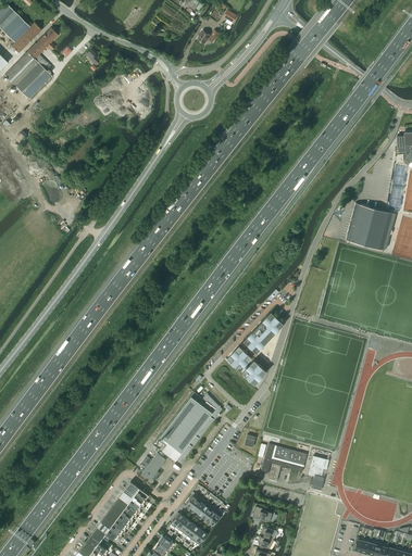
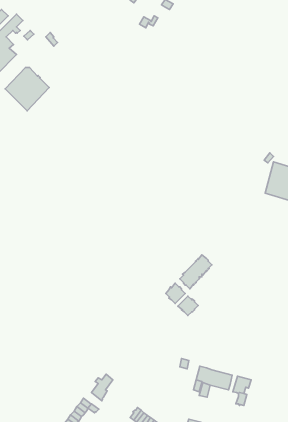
building: none -> [5,67,49,111]
building: [158,393,222,463] -> none

